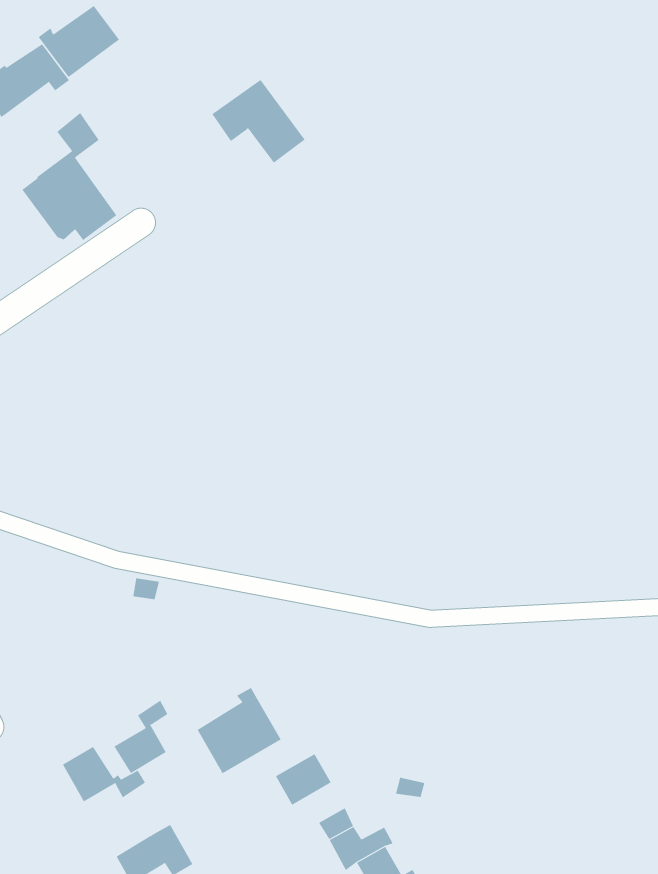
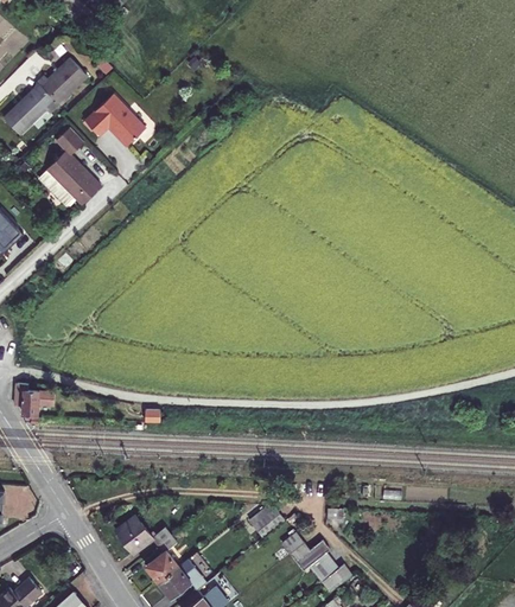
building: [212,79,306,163] -> [83,94,144,145]
building: [197,687,282,774] -> none
building: [114,700,168,774] -> [145,535,178,583]

